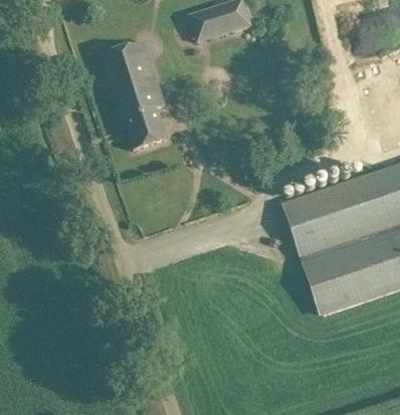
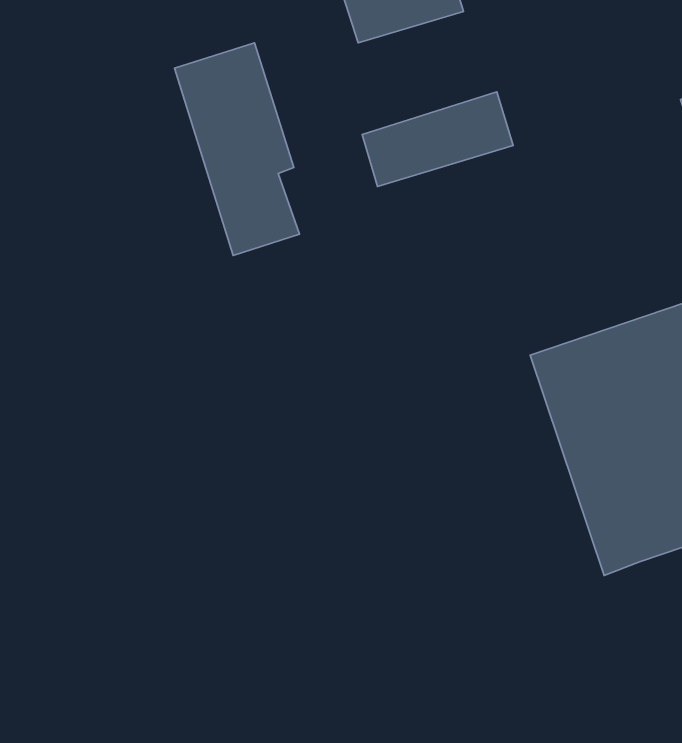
building: none -> [362,92,513,187]

